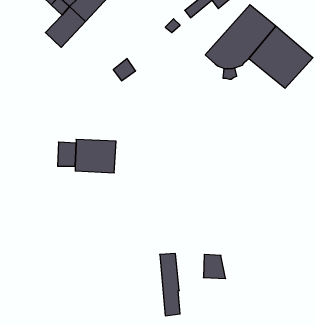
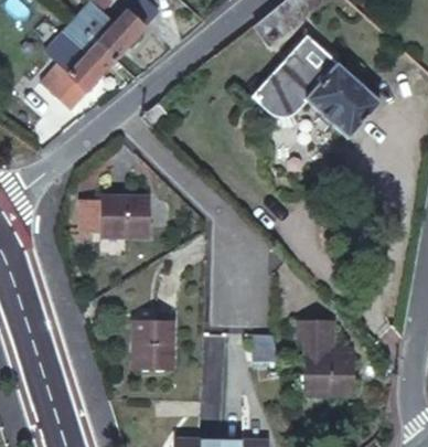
building: none -> [39,62,85,107]
building: none -> [299,318,352,391]
building: none -> [133,321,173,372]

